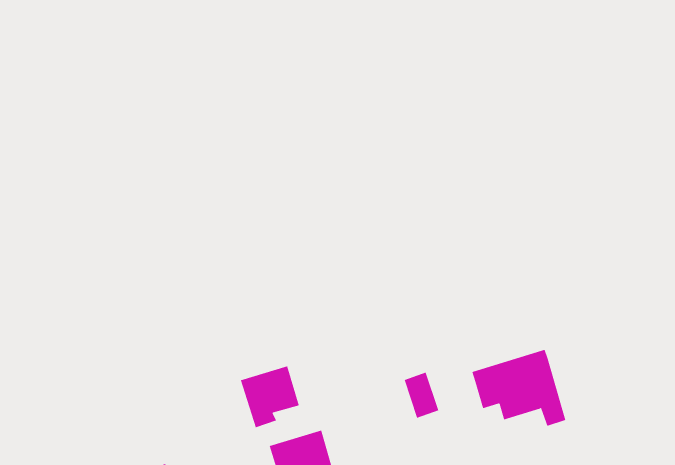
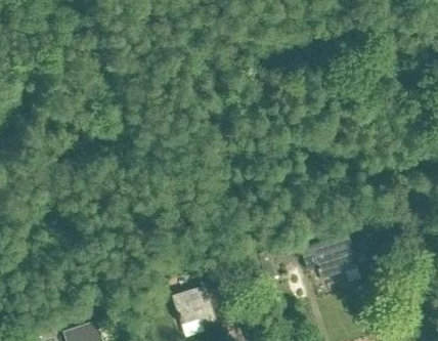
building: [240,365,300,428] -> none

